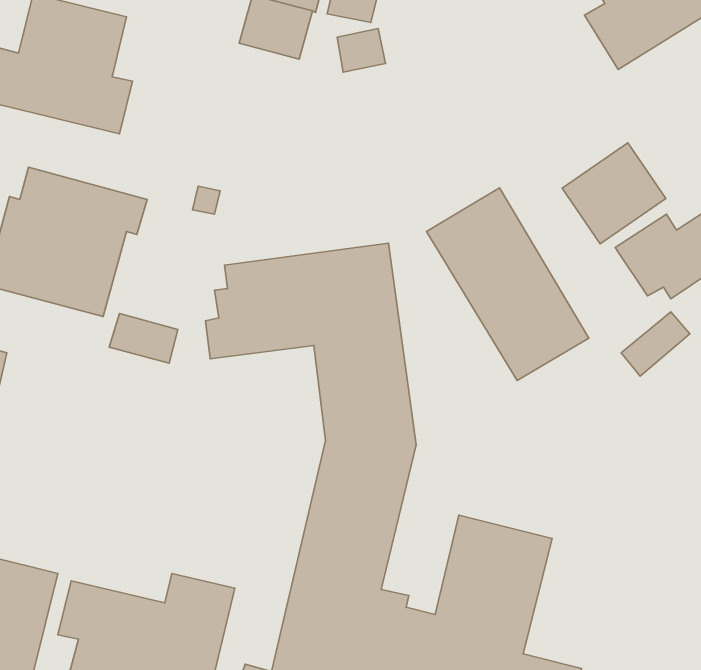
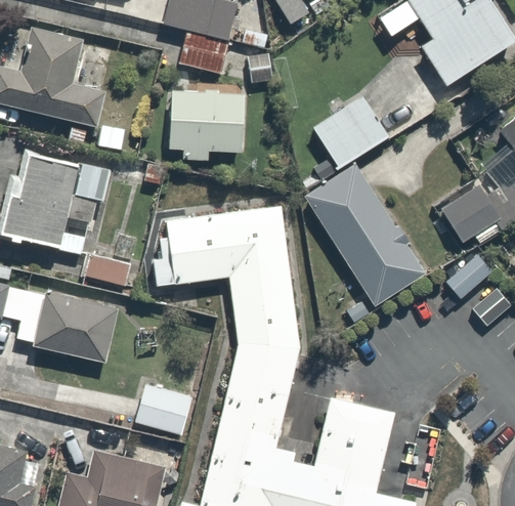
building: none -> [171,90,246,162]
building: [562,143,666,244] -> [314,97,387,168]
building: none -> [17,285,121,365]
building: none -> [135,384,194,435]

